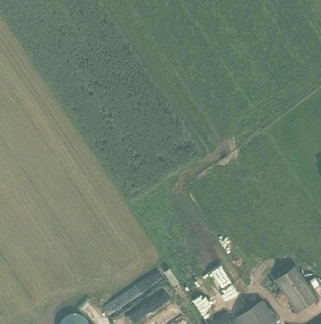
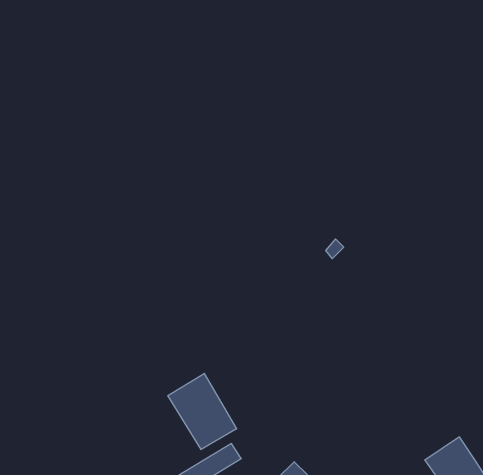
building: none -> [168,373,237,450]

